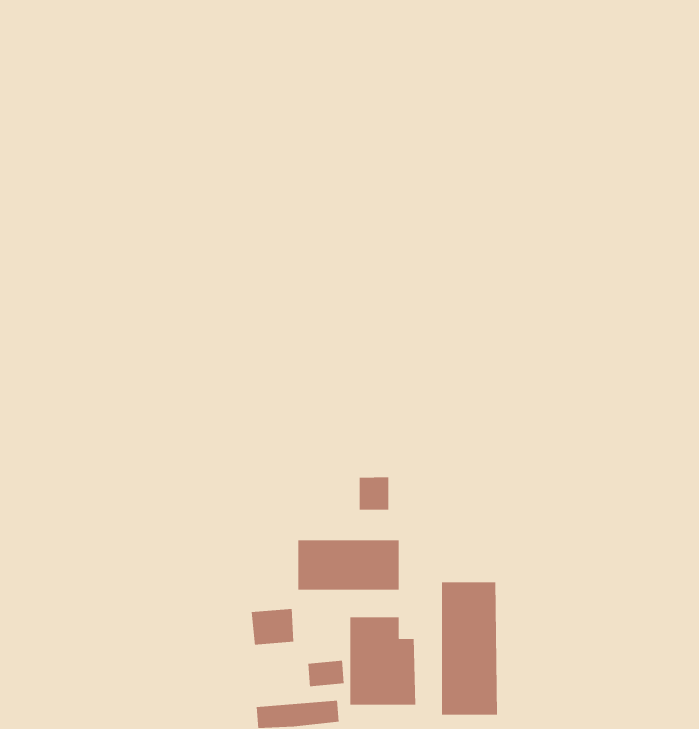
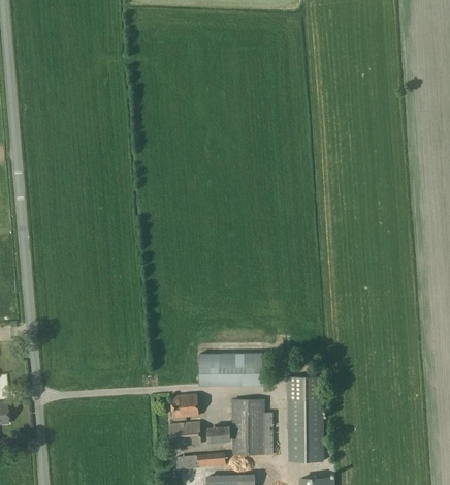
building: [359,476,389,511] -> none
building: none -> [170,422,200,445]

